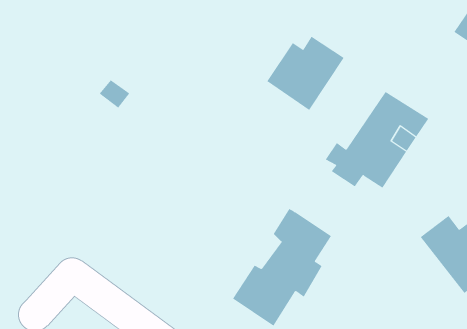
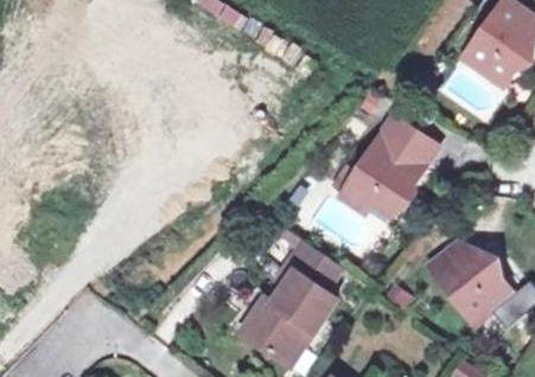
building: [267,36,345,111] -> none

